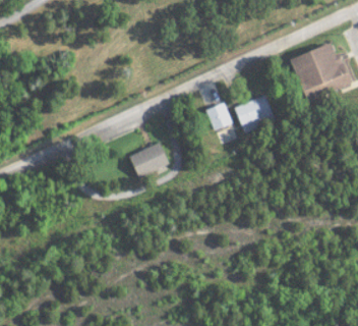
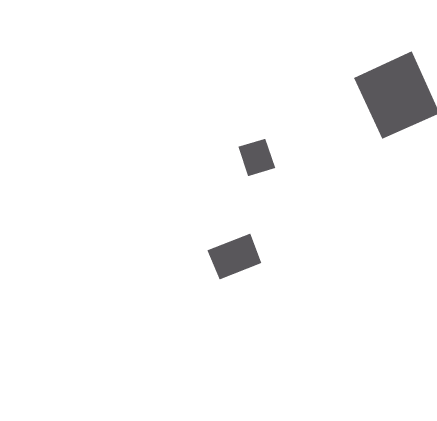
building: [235,97,277,131] -> none
building: [126,144,166,177] -> [206,233,262,280]

